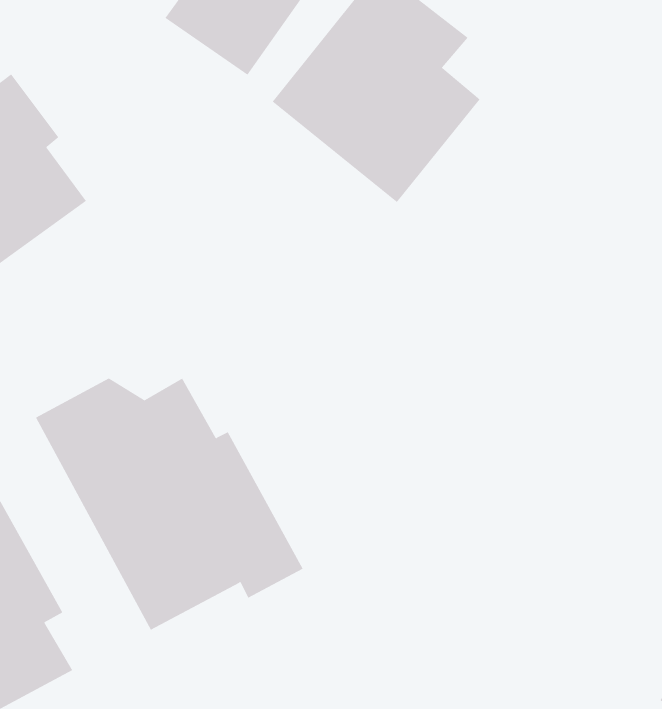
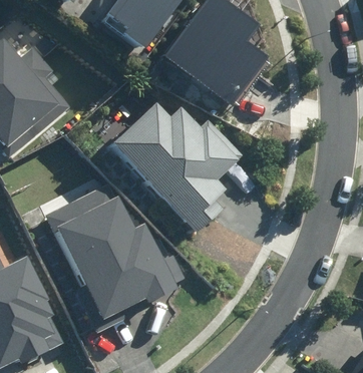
building: none -> [109,103,242,238]

